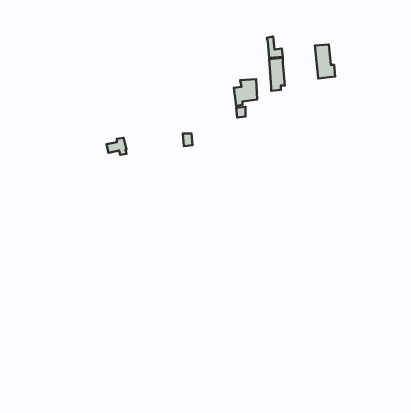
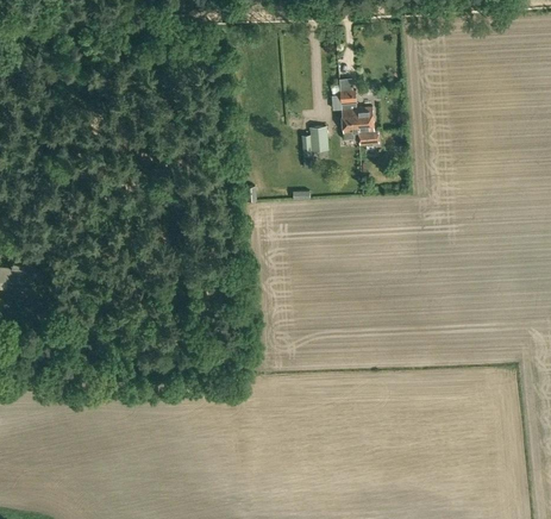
building: [315,45,335,79] -> [356,107,378,145]

